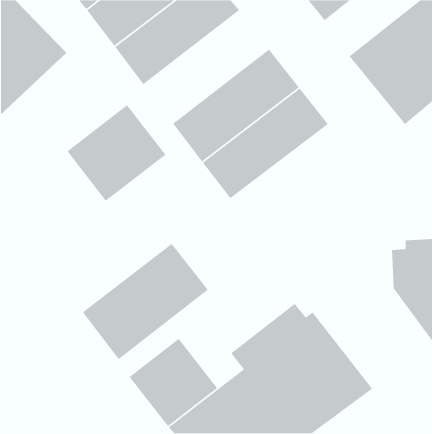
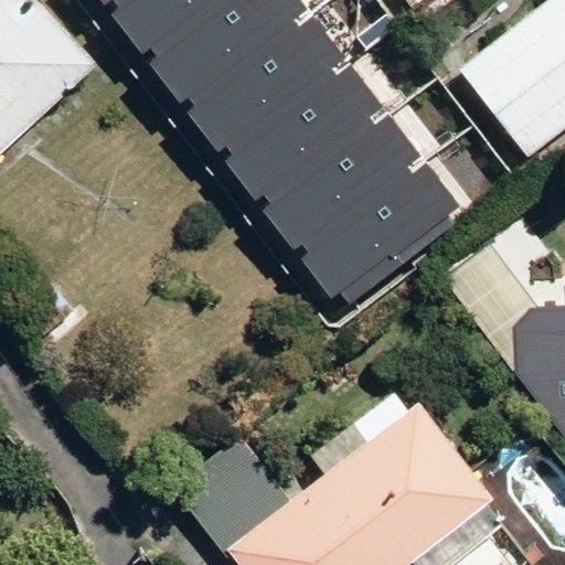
building: none -> [190,13,353,160]
building: [66,104,166,202] -> none
building: none -> [302,161,469,310]
building: [82,243,209,360] -> none

